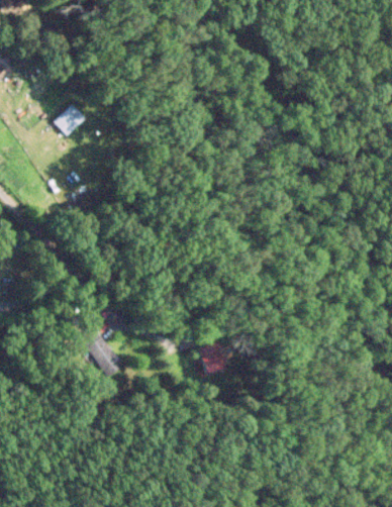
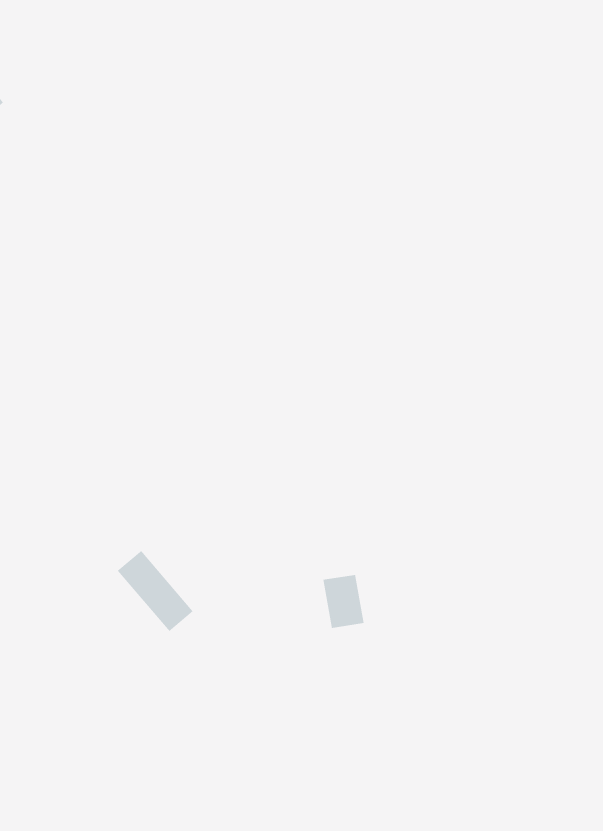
building: [54,104,86,136] -> none

